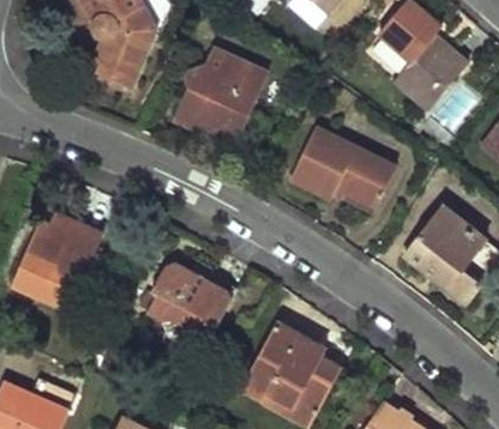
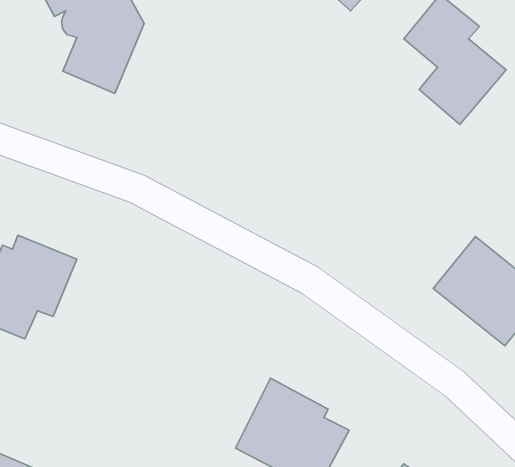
building: [174,50,267,138] -> none
building: [291,128,395,210] -> none
building: [140,256,233,342] -> none

